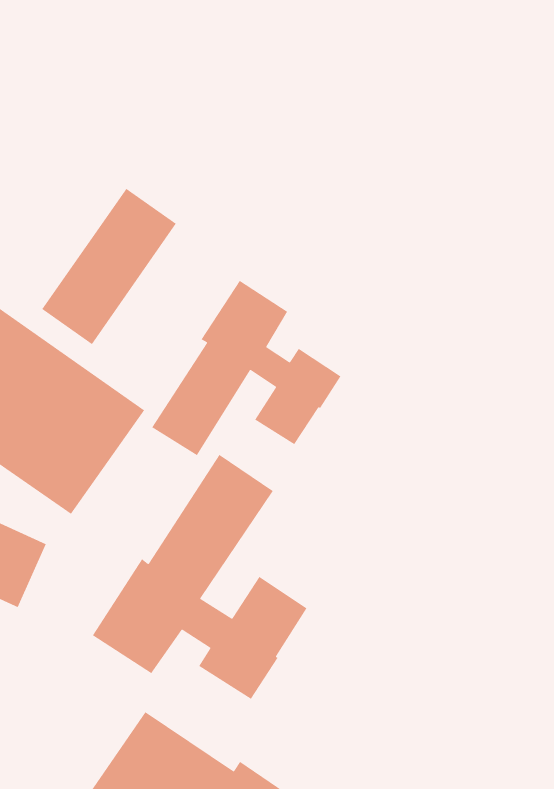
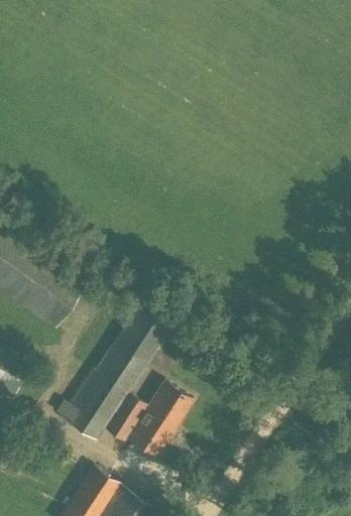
building: [41,188,177,345] -> none
building: [151,280,342,456] -> none

